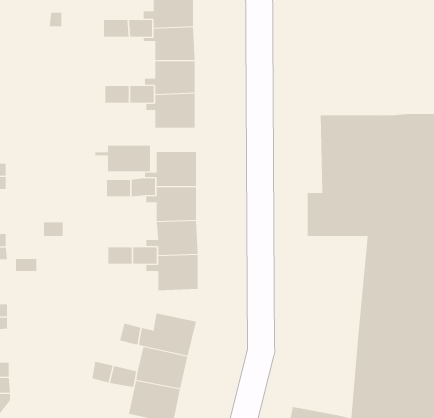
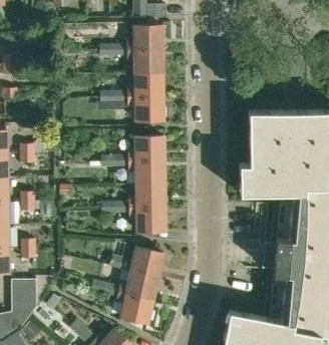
building: [95,145,151,172] -> none

